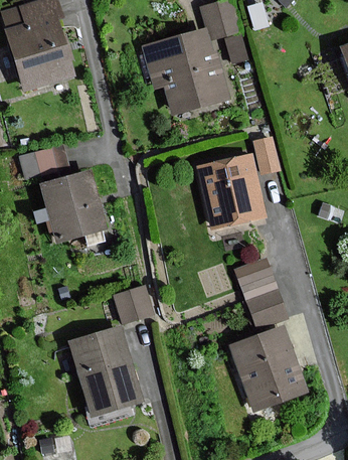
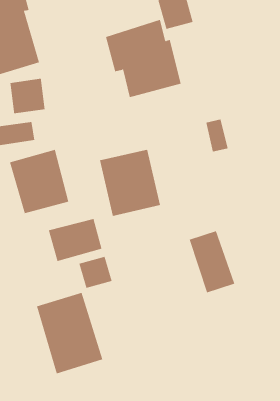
building: none -> [10,78,45,114]
building: [198,155,266,228] -> [99,149,161,216]
building: none -> [48,218,102,262]
building: [229,326,307,410] -> none

